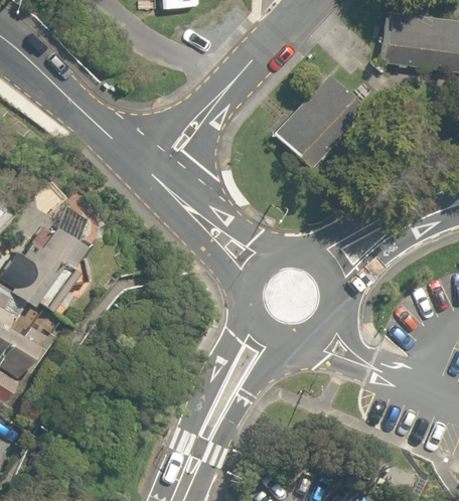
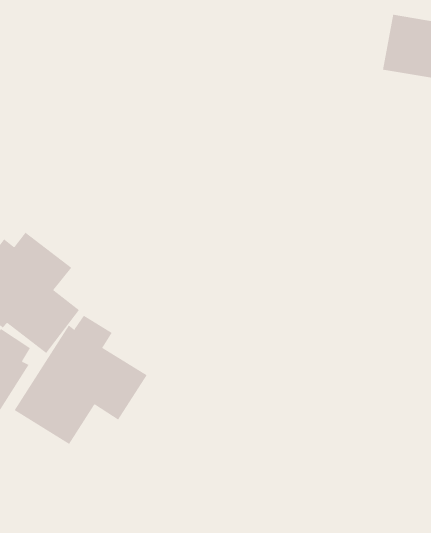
building: [267,76,364,174] -> none
building: none -> [14,315,147,445]

